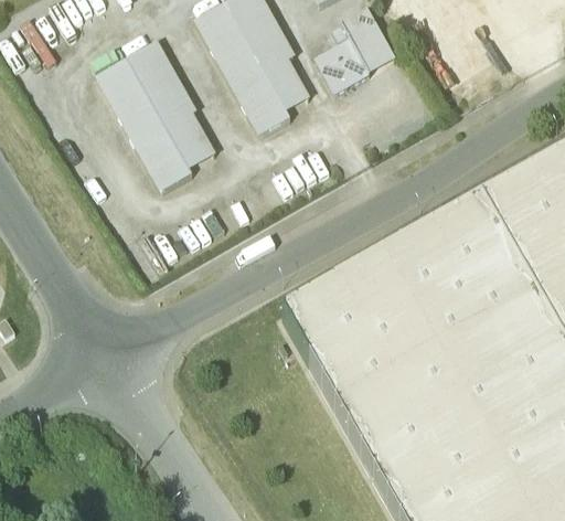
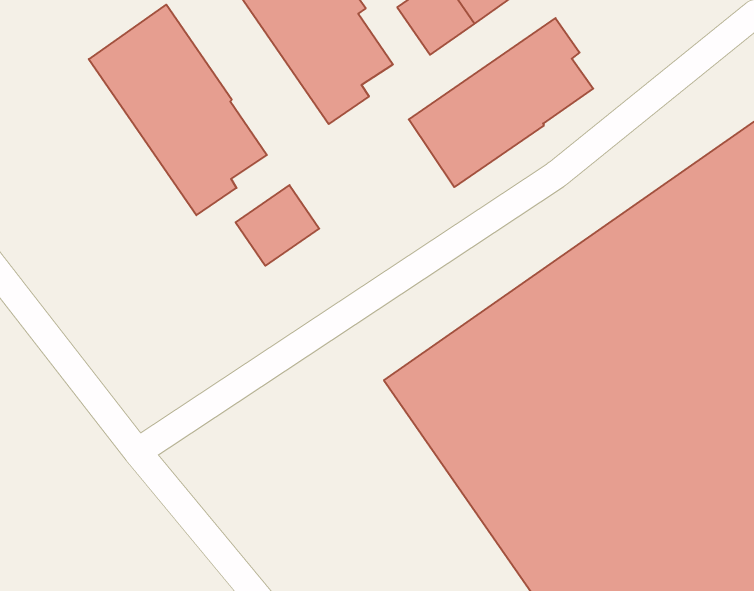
building: none -> [409,18,593,187]
building: none -> [236,185,319,266]

